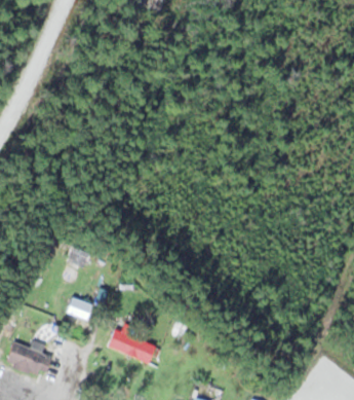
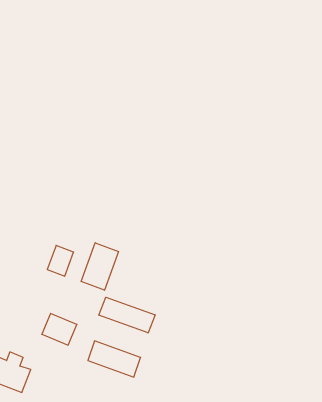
building: none -> [81,243,118,290]
building: none -> [99,297,155,333]

